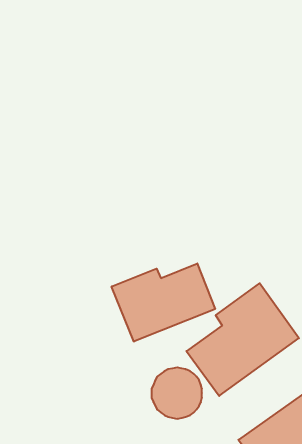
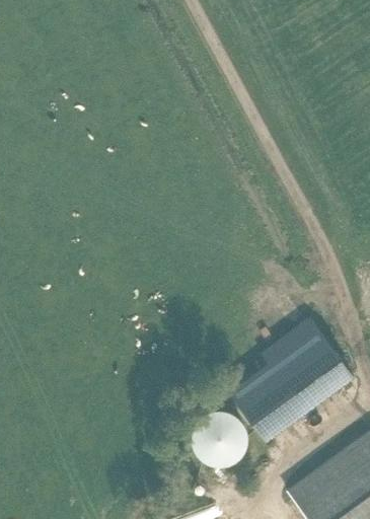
building: [112,263,215,342] -> none

